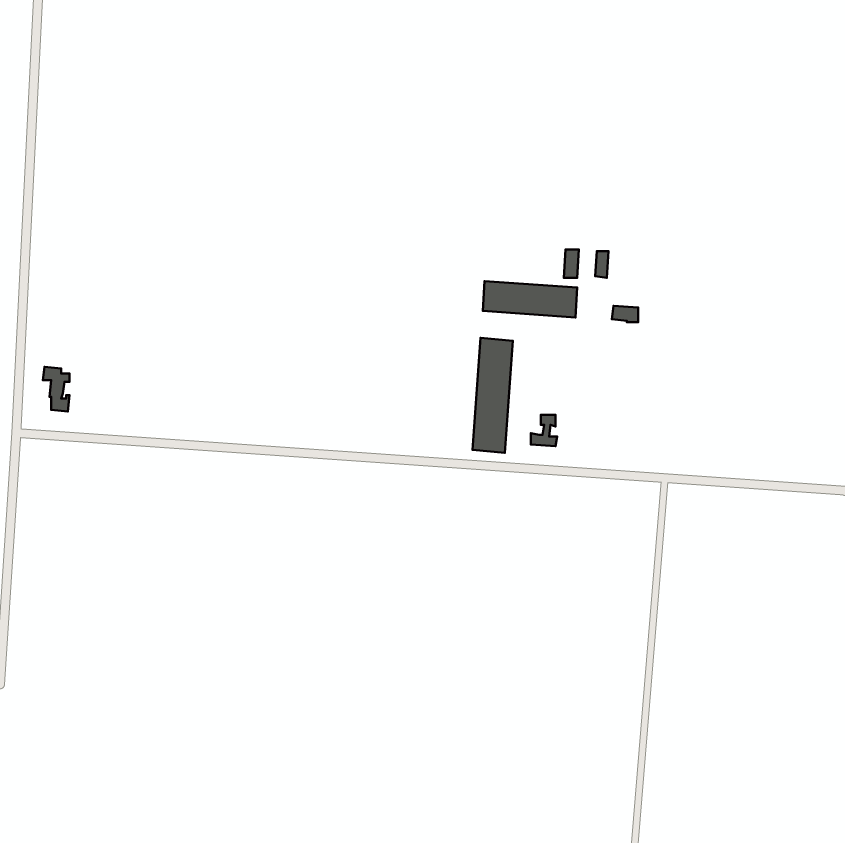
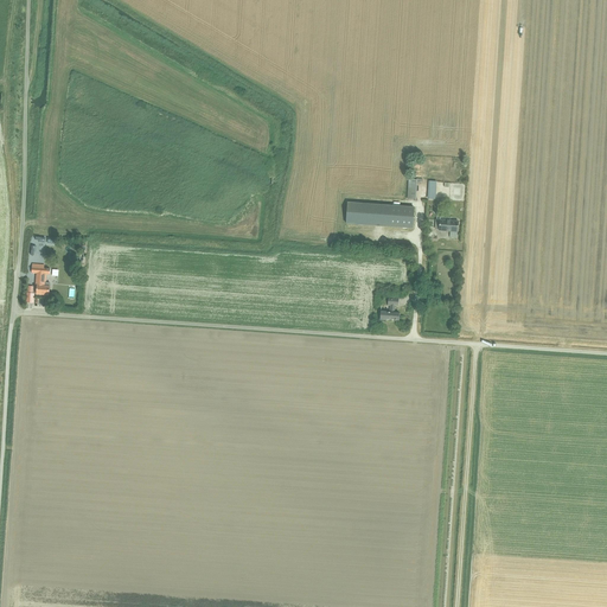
building: [473,338,513,453] -> none

